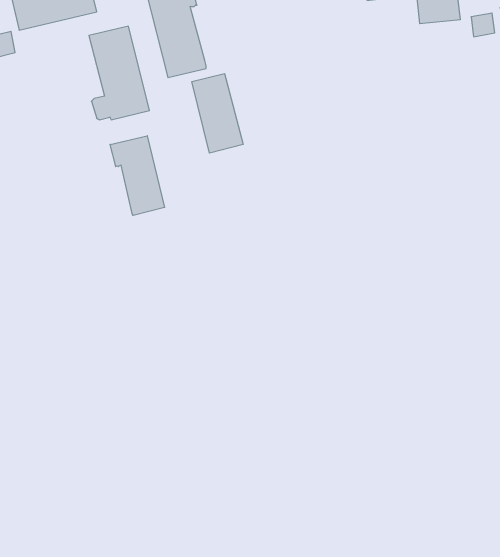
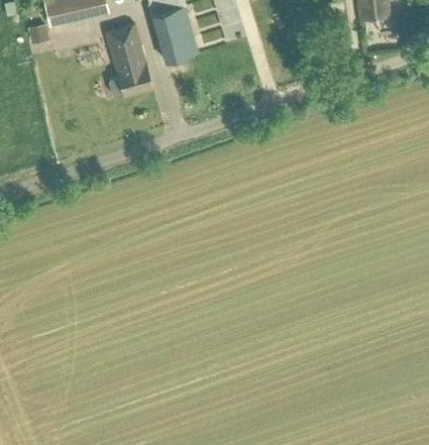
building: [192,74,243,153] -> none
building: [110,136,165,215] -> none

